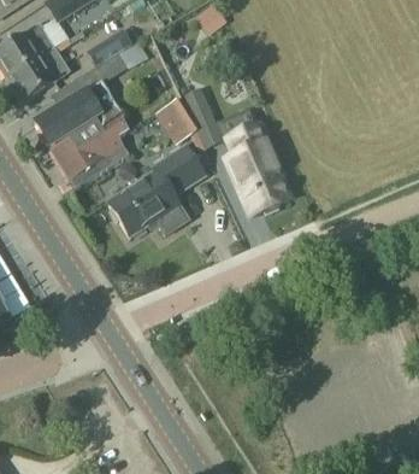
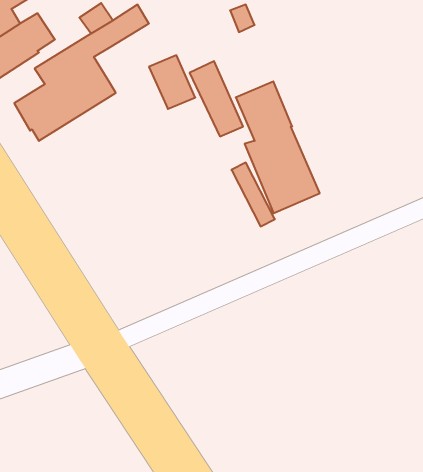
building: [58,113,131,186] -> none
building: [108,142,206,234] -> none

